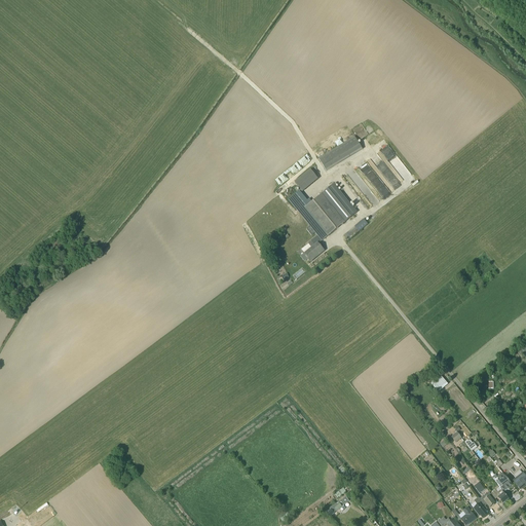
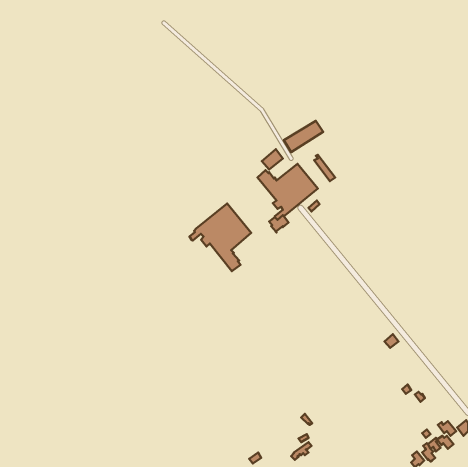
building: none -> [189,204,251,271]

